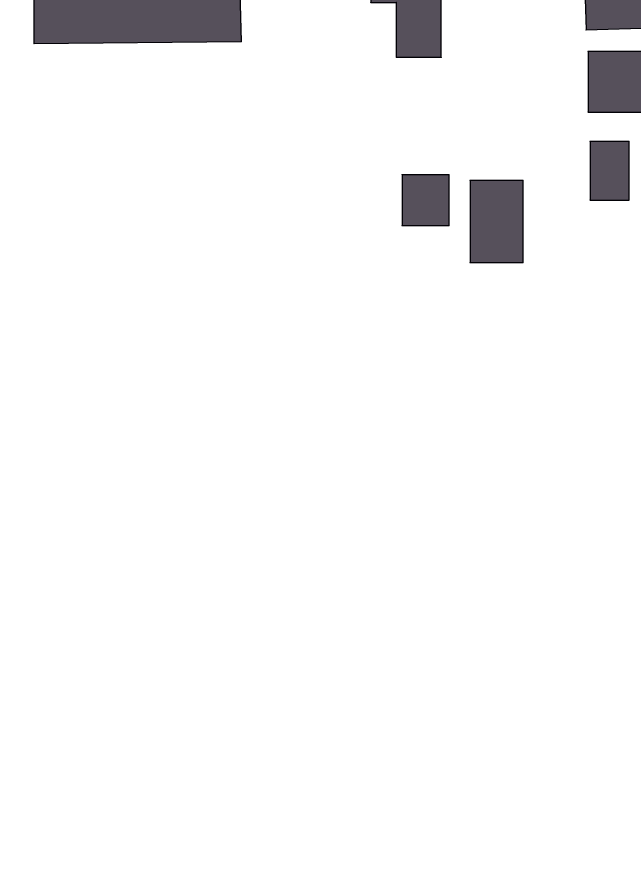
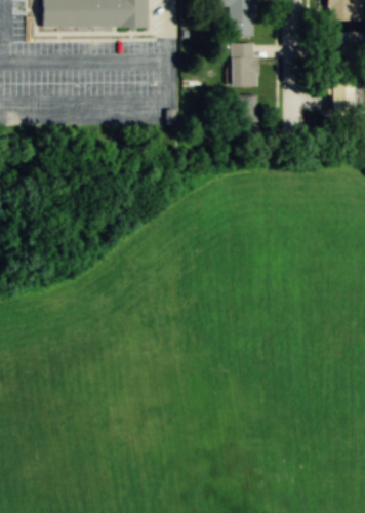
building: [470,180,523,263] -> [231,43,258,86]

